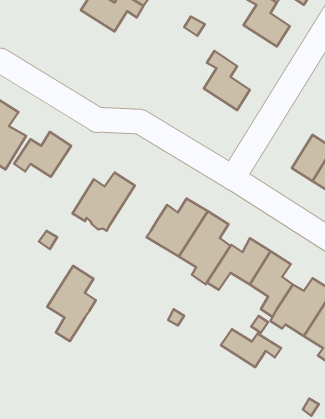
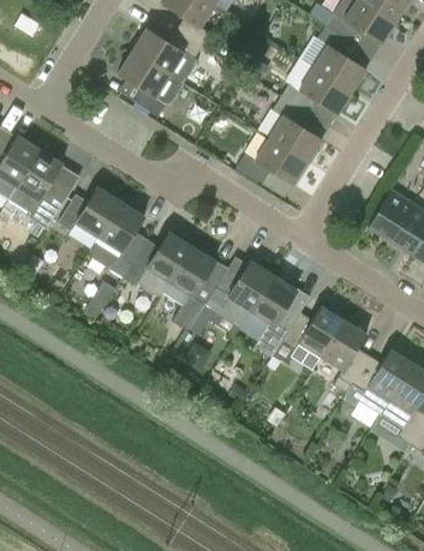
building: none -> [118,50,184,116]
building: none -> [281,67,351,114]
building: none -> [237,138,306,185]
building: none -> [90,202,147,277]
building: [47,266,96,341] -> [163,246,217,330]
building: [221,329,281,367] -> none

